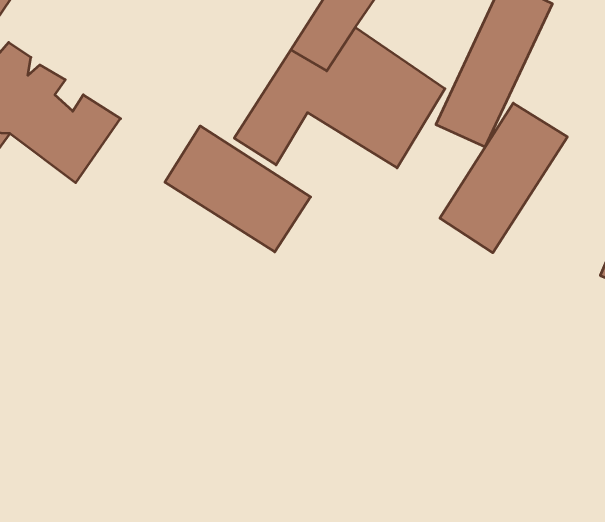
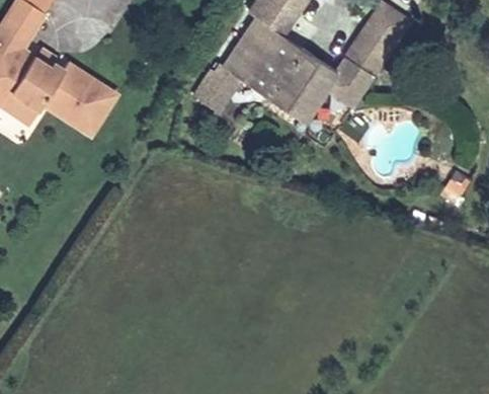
building: [440,103,567,253] -> none
building: [165,126,311,252] -> none

